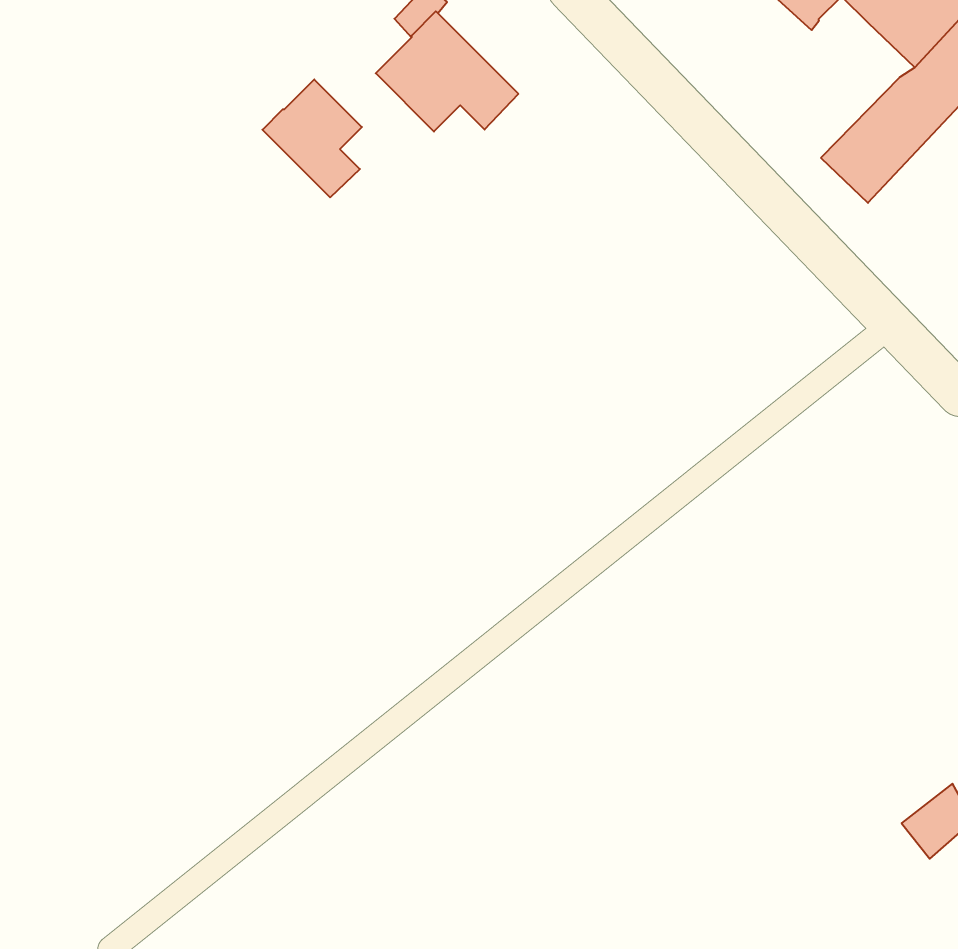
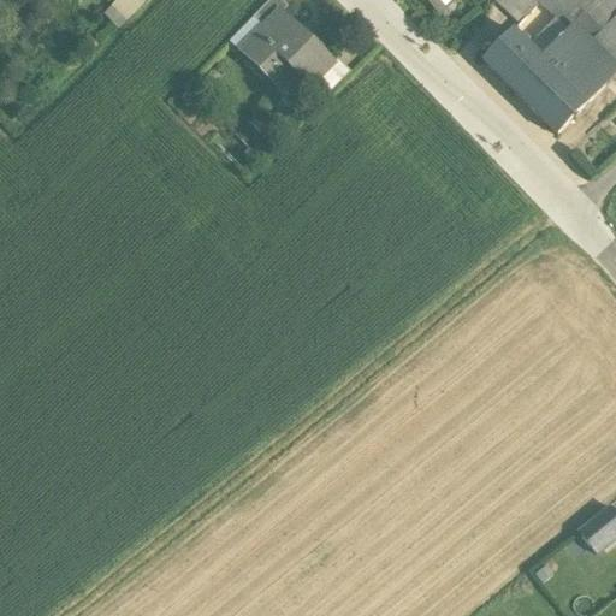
building: none -> [482,14,587,101]
building: [262,79,362,197] -> none

